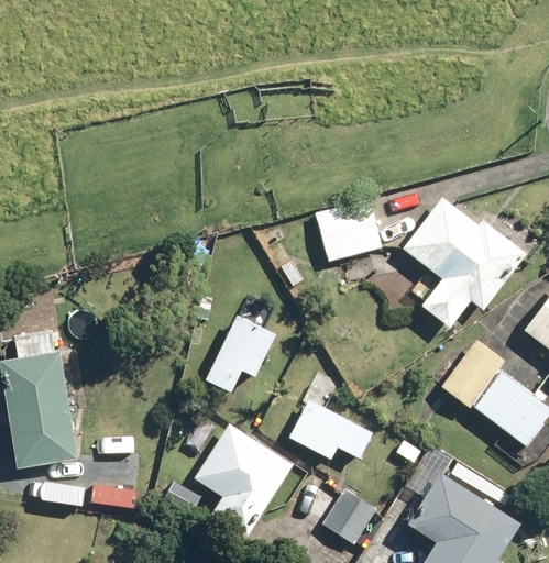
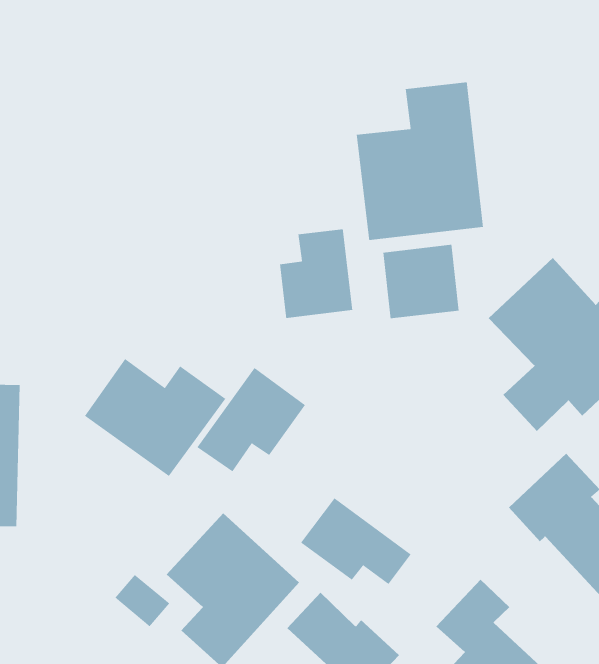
building: none -> [356,81,483,241]
building: none -> [280,228,353,319]
building: none -> [84,358,226,477]

